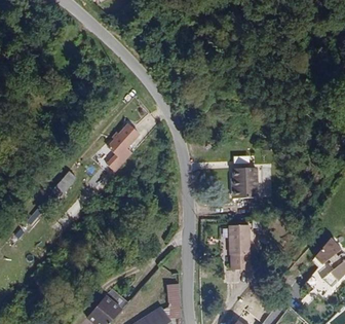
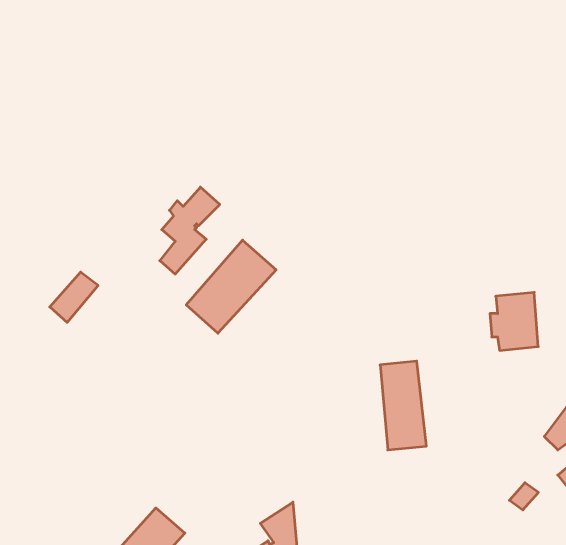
building: none -> [186,240,276,333]
building: [232,155,258,186] -> [490,292,538,350]

